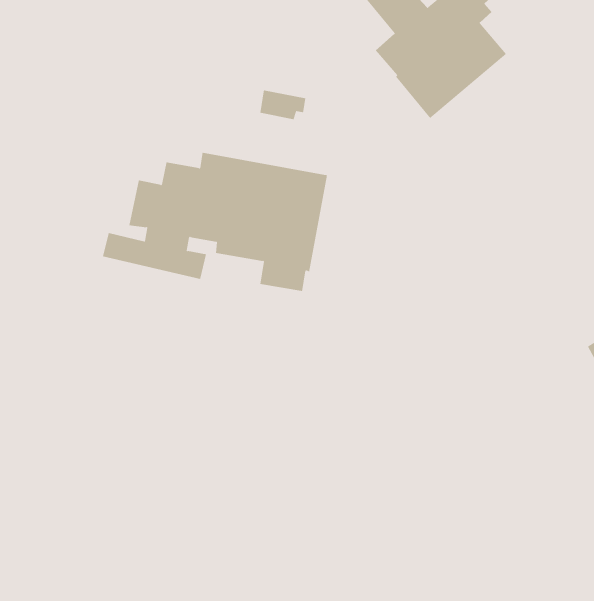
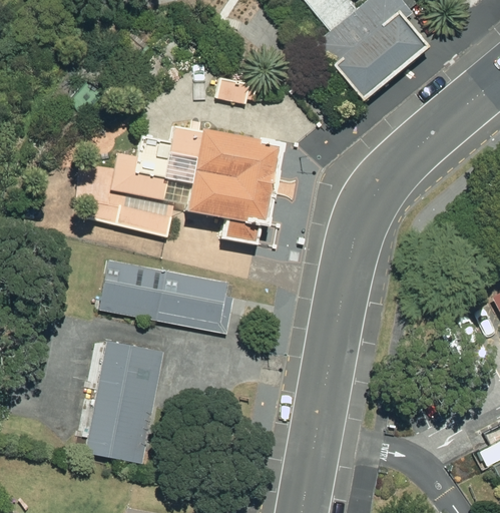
building: none -> [100,254,237,330]
building: none -> [86,336,166,460]

